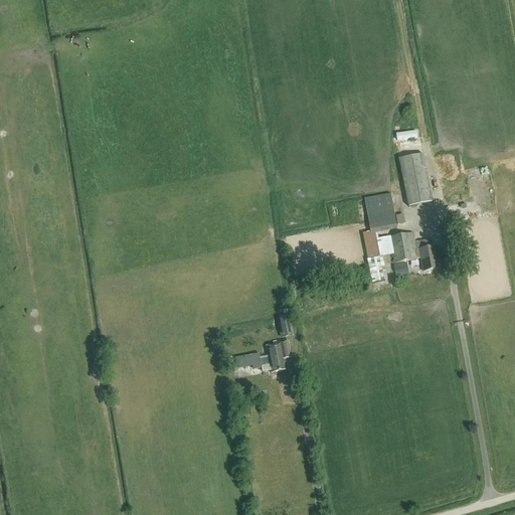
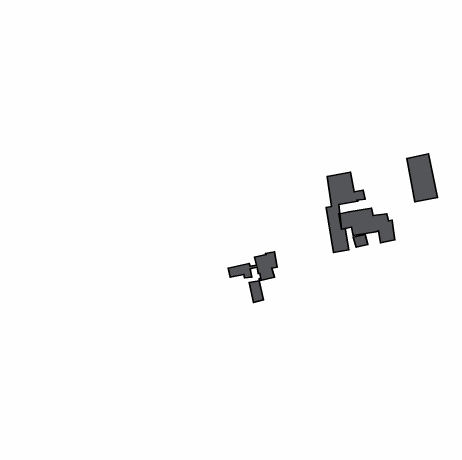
building: [398,152,433,205] -> [407,154,438,202]
building: [235,338,290,370] -> [228,252,277,281]

